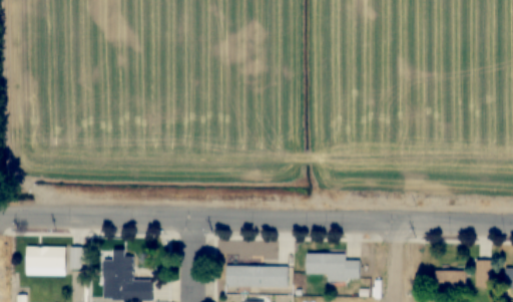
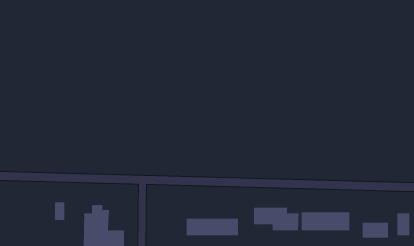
building: [27,246,66,268] -> none
building: none -> [301,211,350,231]

